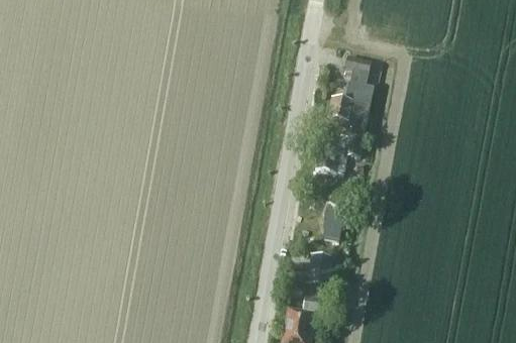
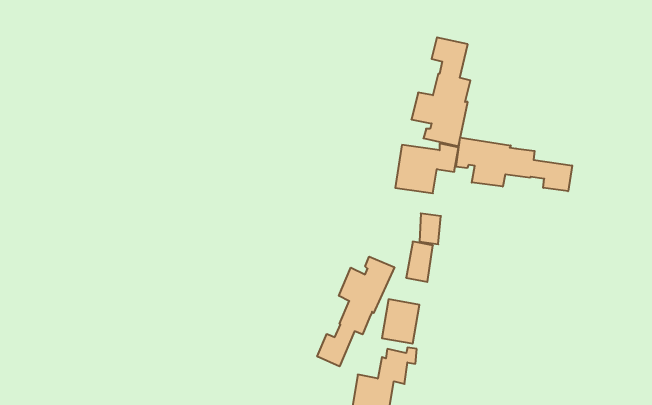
building: none -> [456,137,572,191]
building: none -> [317,257,394,366]

